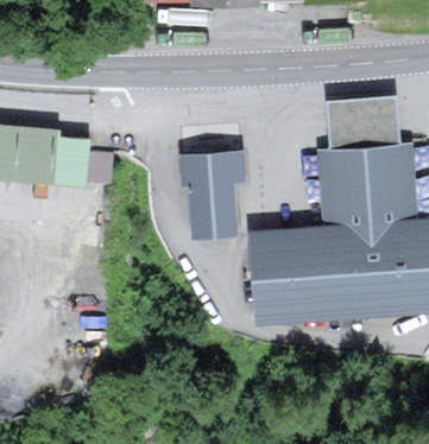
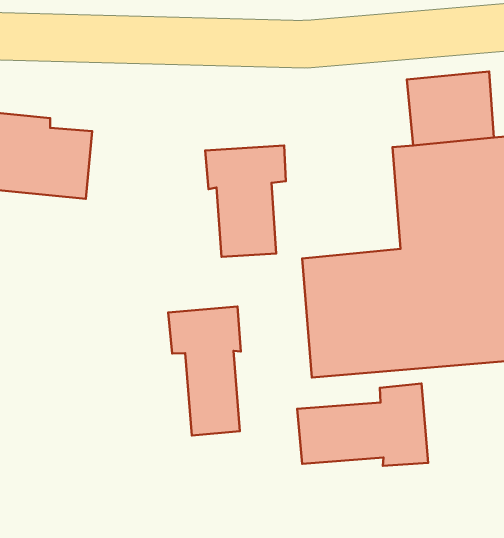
building: none -> [168,306,241,435]
building: none -> [297,384,428,466]

